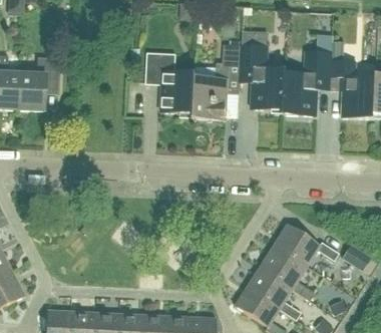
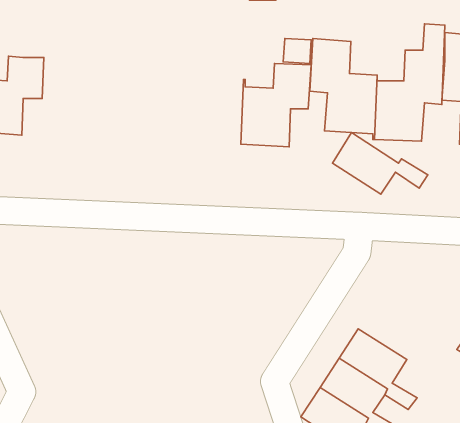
building: [146,52,196,117] -> none
building: [274,223,339,265] -> [332,132,428,194]

